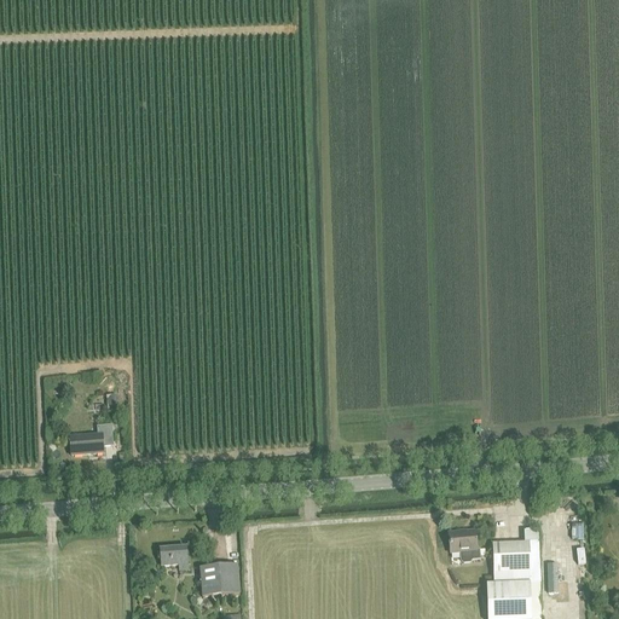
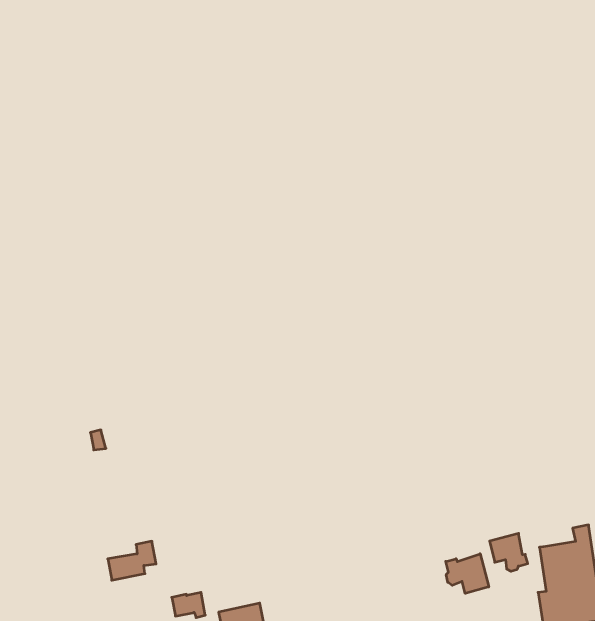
building: [71,423,114,453] -> [108,541,156,580]
building: none -> [446,554,489,593]

